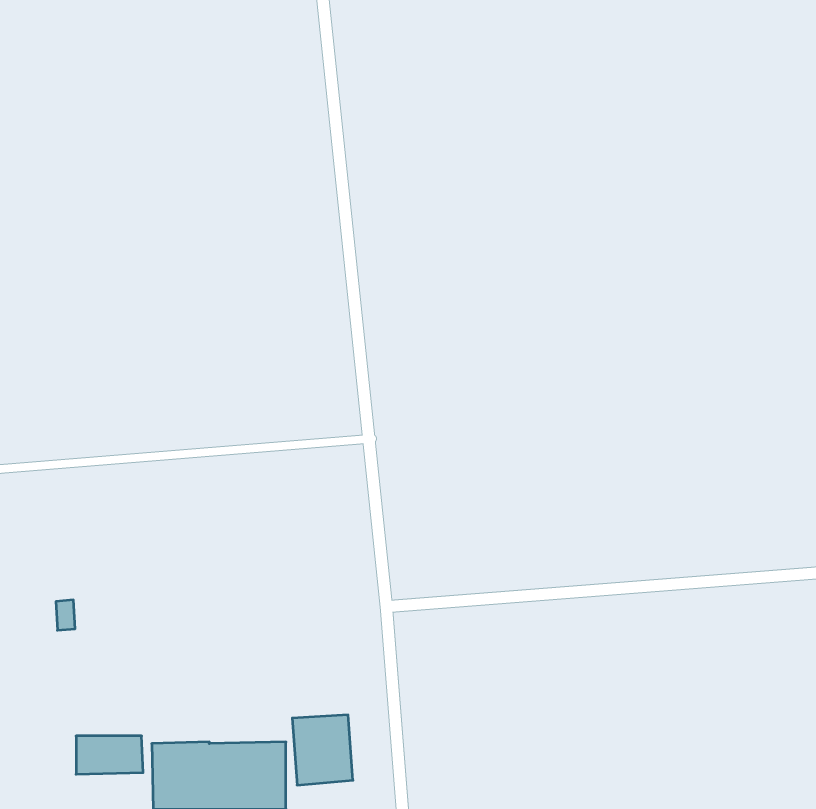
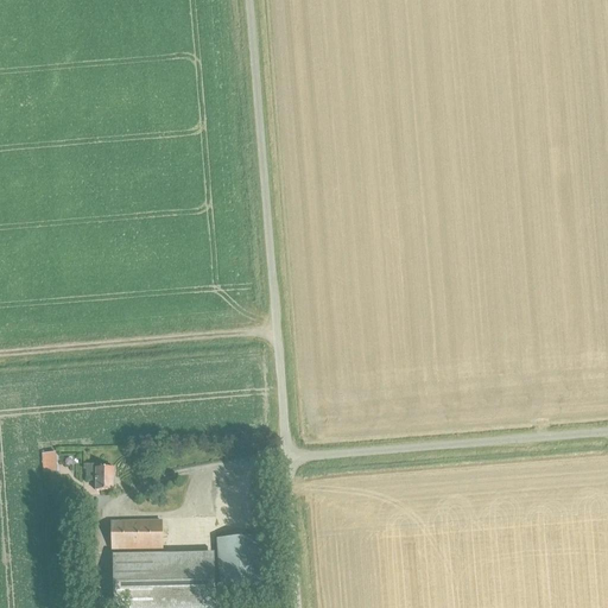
building: none -> [84,461,114,487]
building: [76,736,143,774] -> [113,518,163,546]

